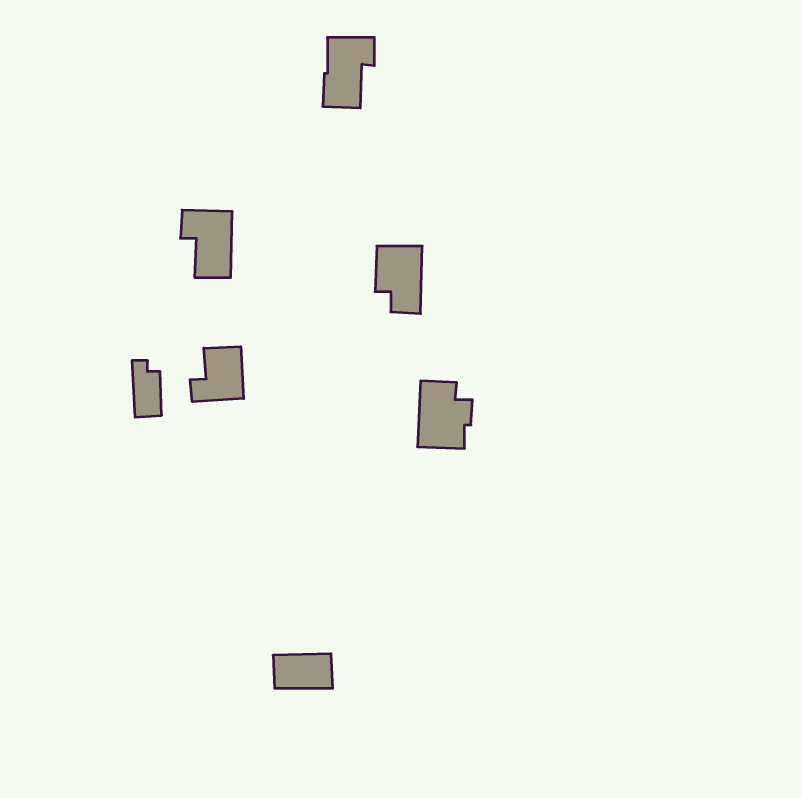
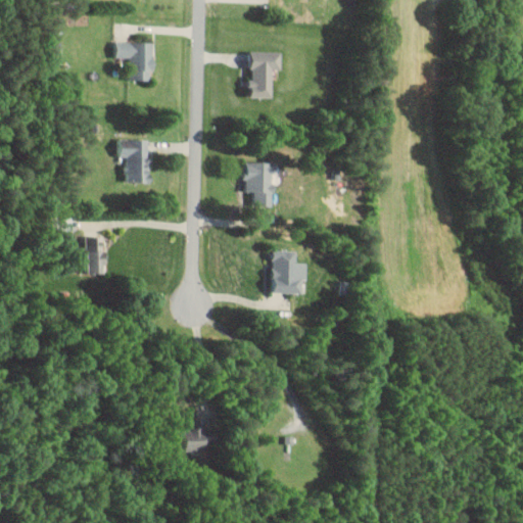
building: [323,37,374,108] -> [248,52,282,98]
building: none -> [115,42,154,81]
building: [190,347,244,402] -> none

